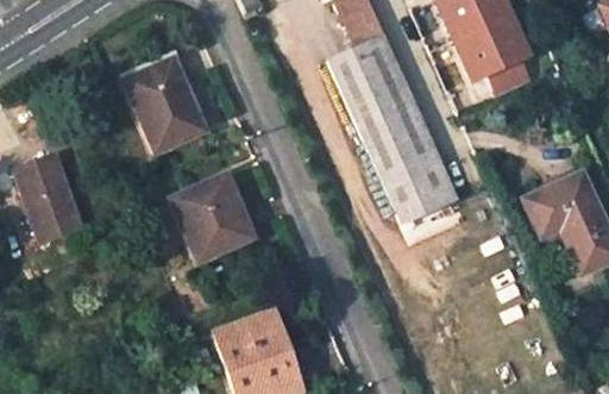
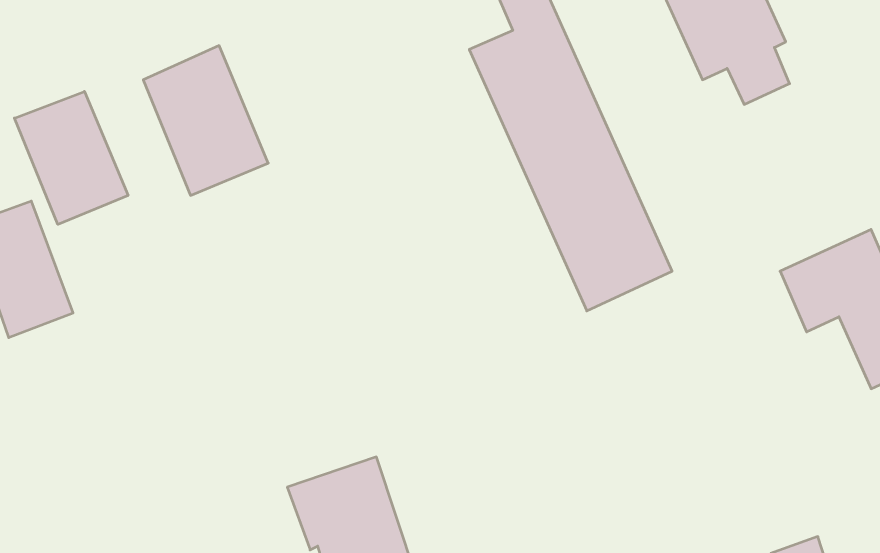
building: none -> [14,91,128,224]
building: [172,176,252,259] -> none

